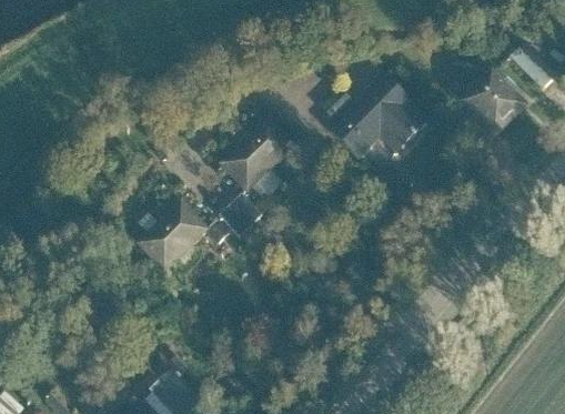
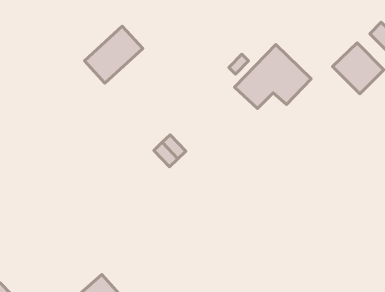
building: [218,120,296,196] -> [84,26,143,83]
building: [135,204,208,275] -> none

